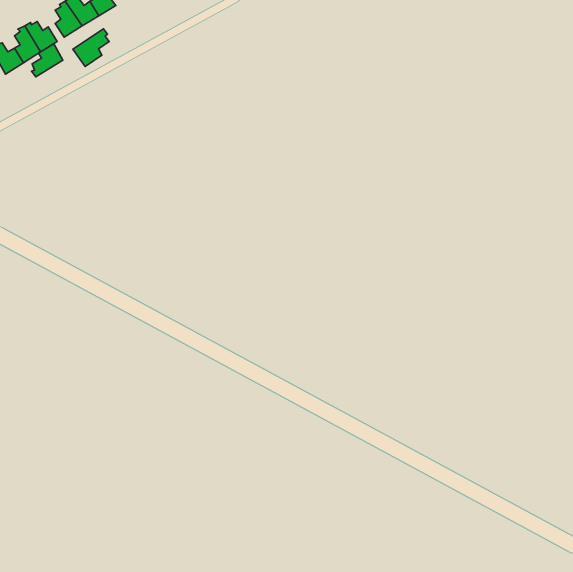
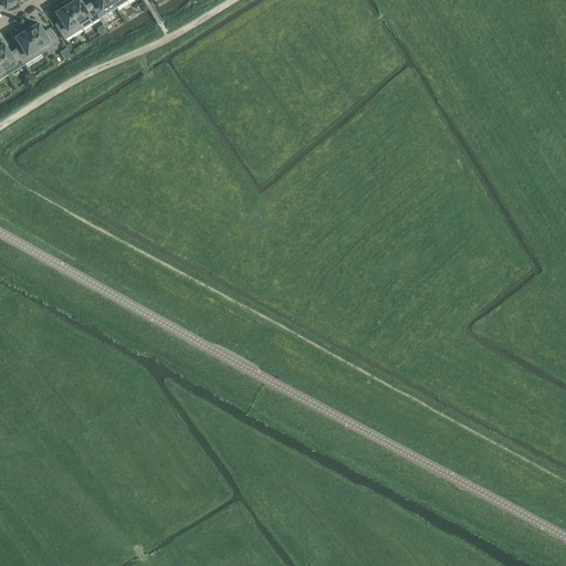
building: [73,29,109,66] -> none
building: [32,44,63,77] -> none

